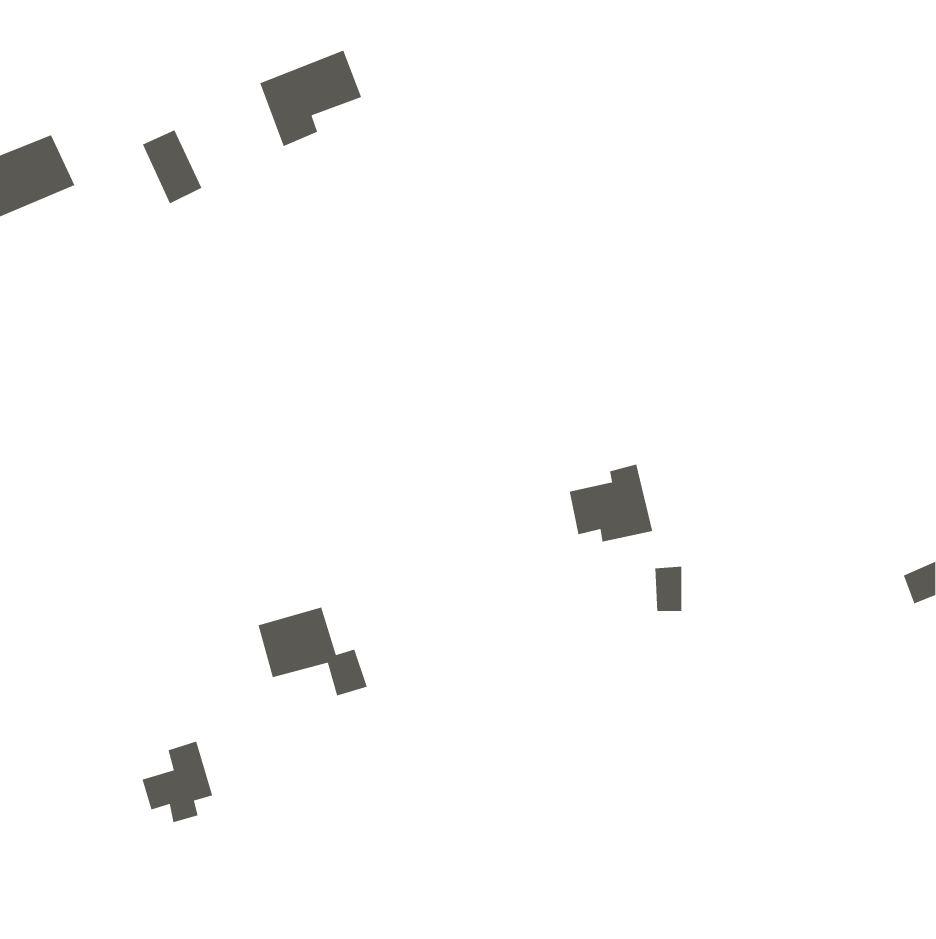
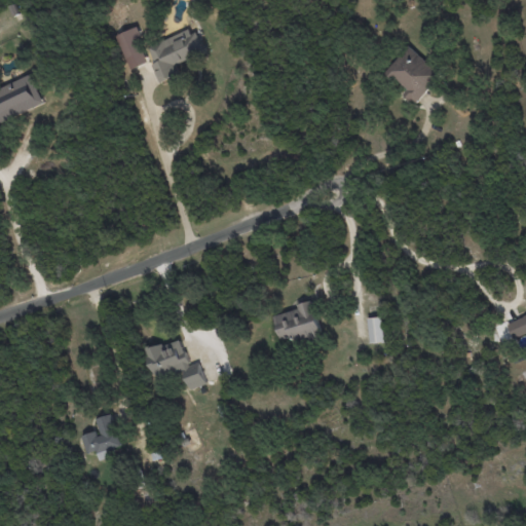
building: none -> [383,45,439,104]
building: [142,129,203,205] -> [114,28,148,70]
building: [569,464,653,543] -> [272,300,320,344]

